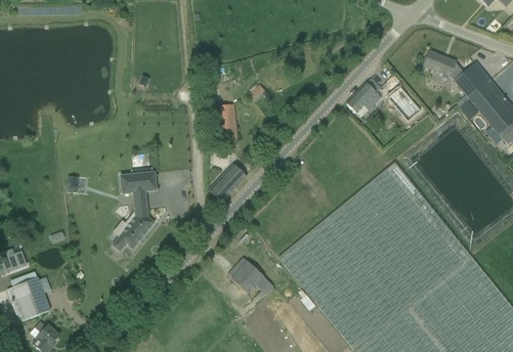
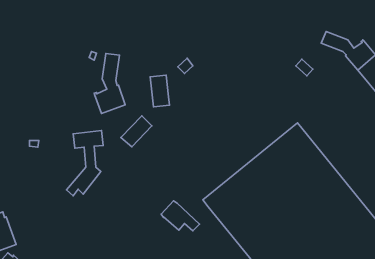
building: [346,77,382,114] -> none
building: none -> [94,54,125,114]
building: [208,164,246,202] -> [121,116,152,147]

